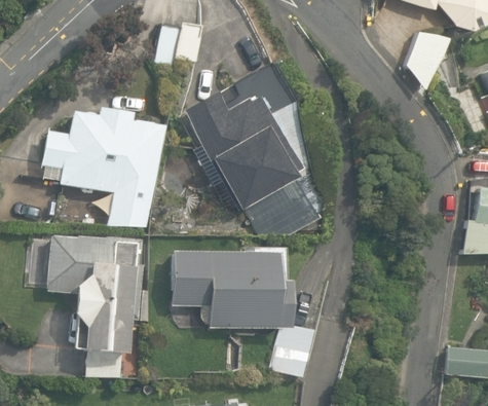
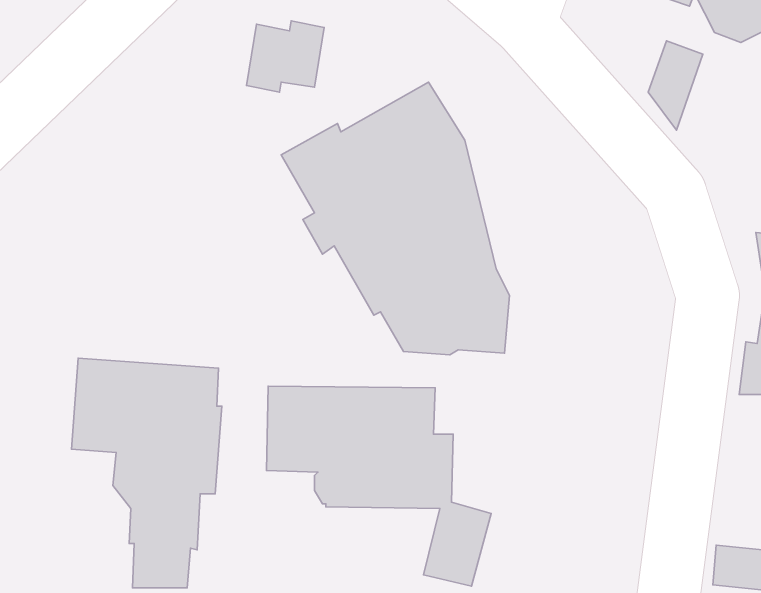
building: [42,105,162,224] -> none

